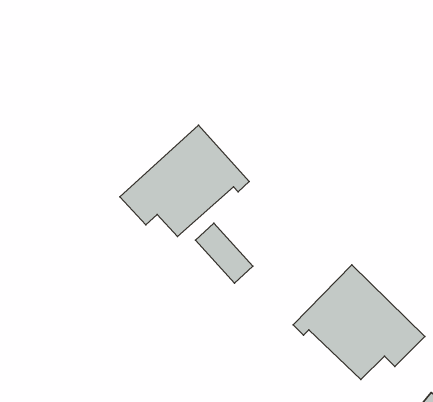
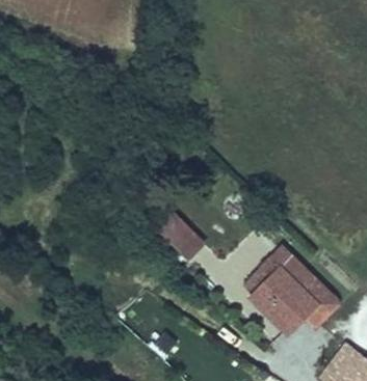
building: [120,125,249,236] -> none

